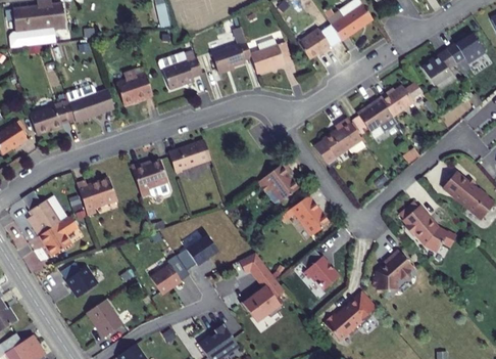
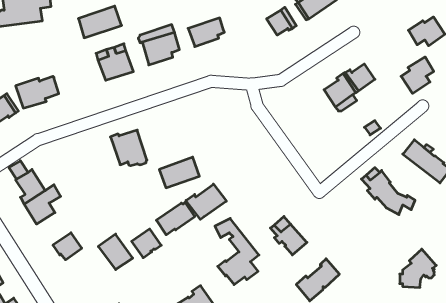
building: [250,40,292,73] -> none
building: [421,52,456,91] -> [401,57,434,93]
building: [69,89,115,123] -> [78,6,122,38]
building: [321,119,366,160] -> none
building: [167,141,210,174] -> [159,157,199,188]
building: [255,164,296,204] -> none
building: [76,179,115,216] -> none
building: [284,196,327,237] -> none
building: none -> [186,184,226,219]
building: [373,246,411,287] -> [400,249,436,287]
building: [89,300,126,338] -> [98,234,133,270]

